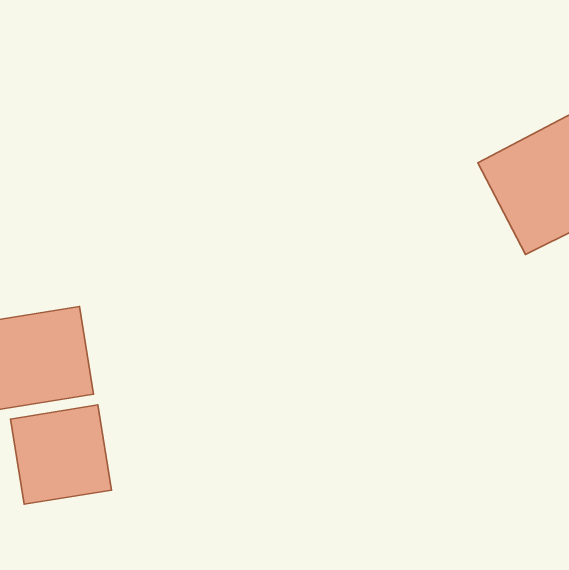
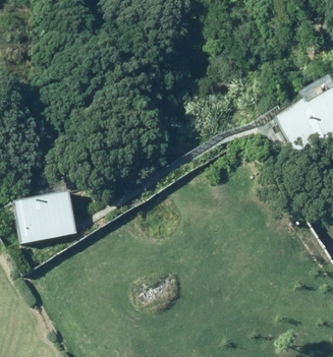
building: [10,405,111,504] -> none

